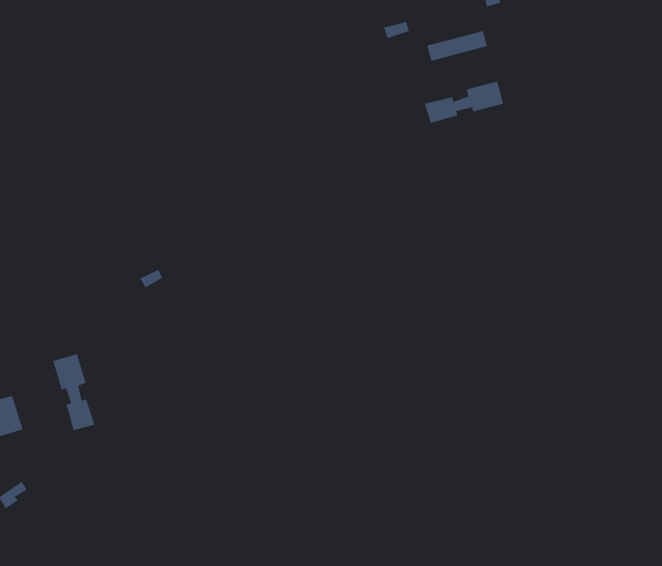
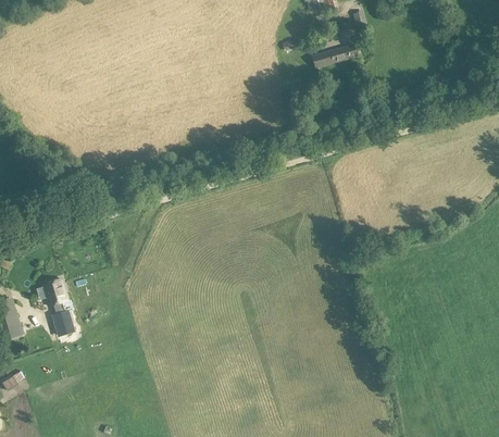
building: [424,81,504,124] -> none

